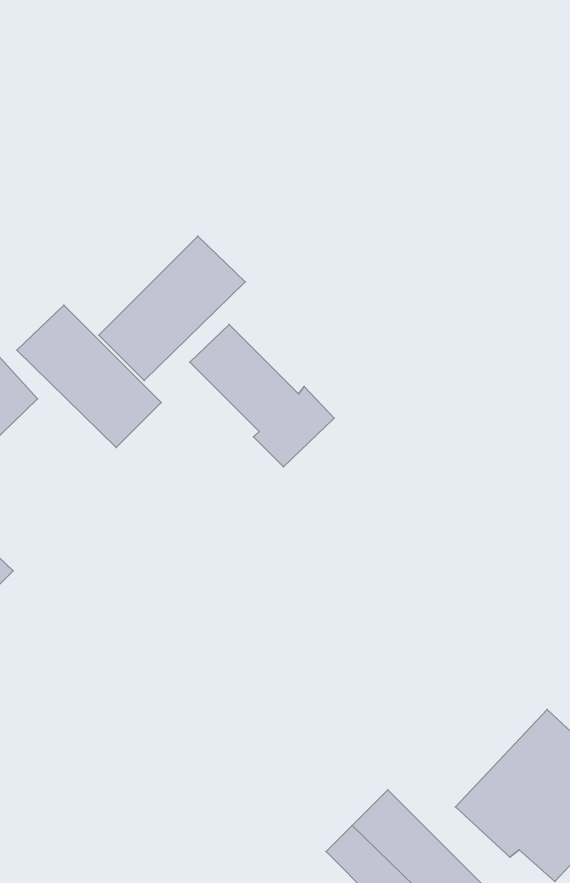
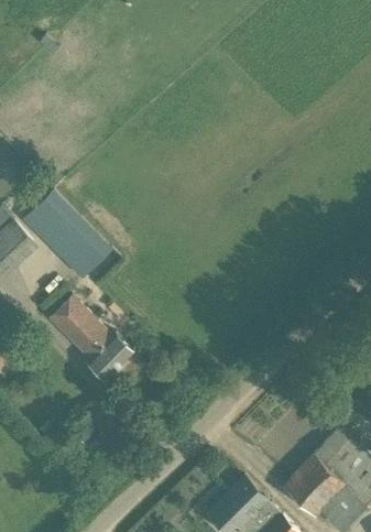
building: [99,236,245,381] -> none
building: [190,325,334,467] -> [48,295,133,379]

